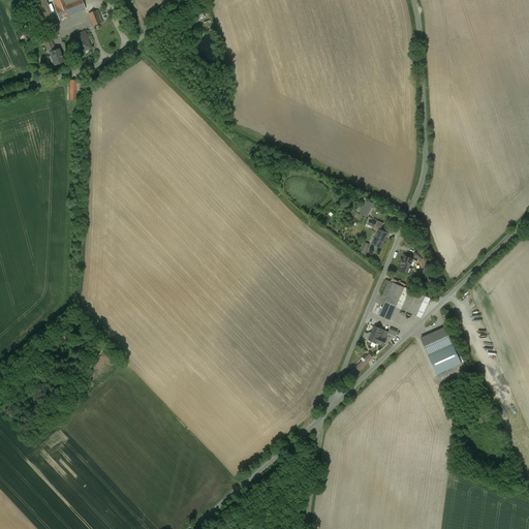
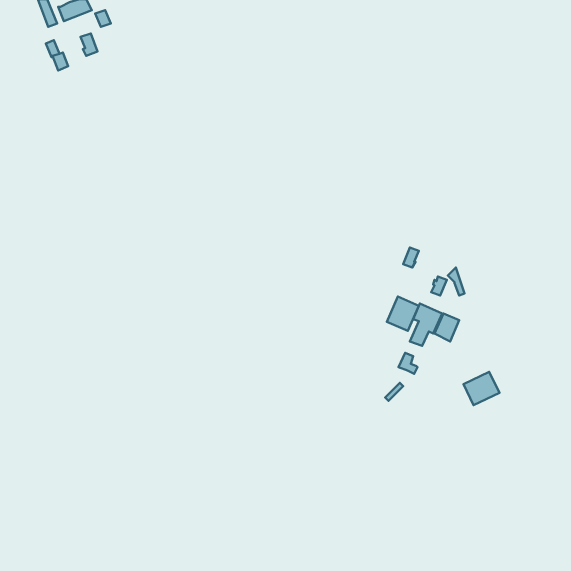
building: none -> [387,297,419,331]
building: [419,326,452,354] -> none

